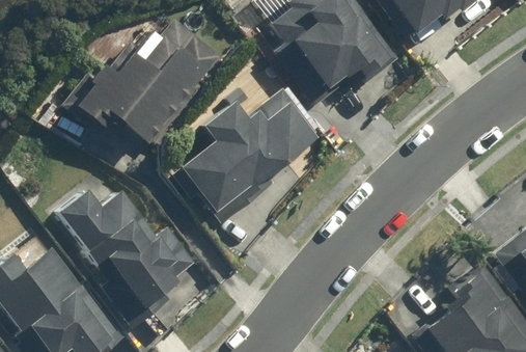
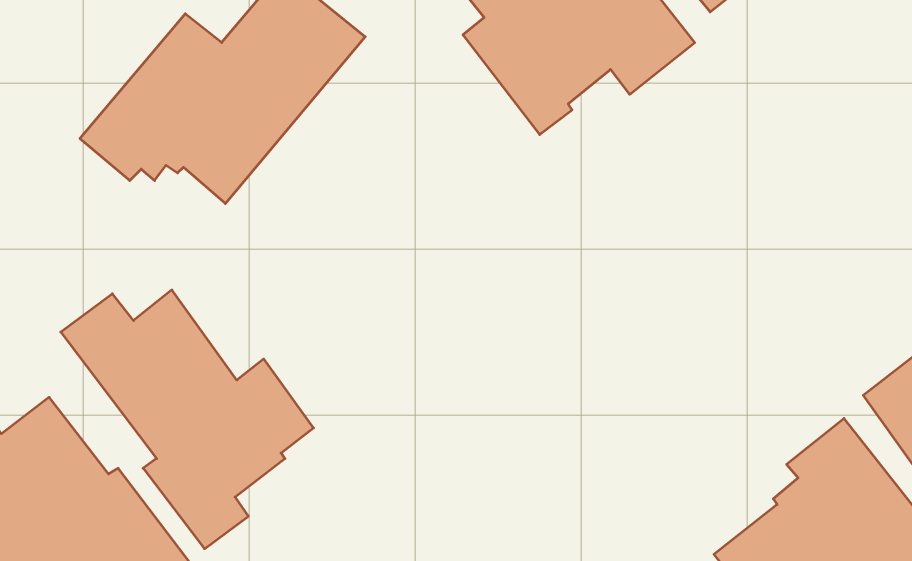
building: [172,88,320,215] -> none

